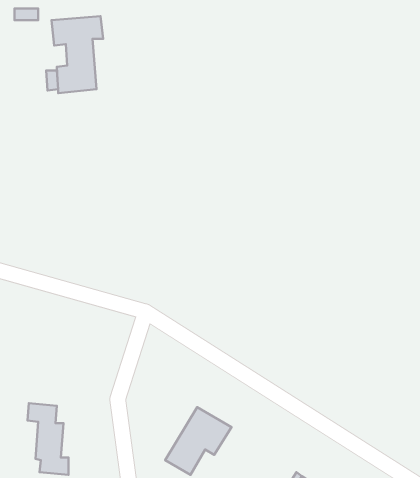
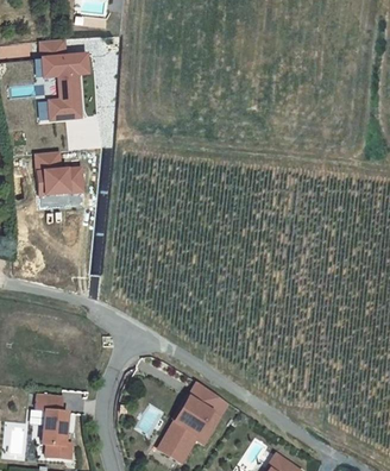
building: none -> [44,146,94,193]
building: none -> [183,384,224,419]

